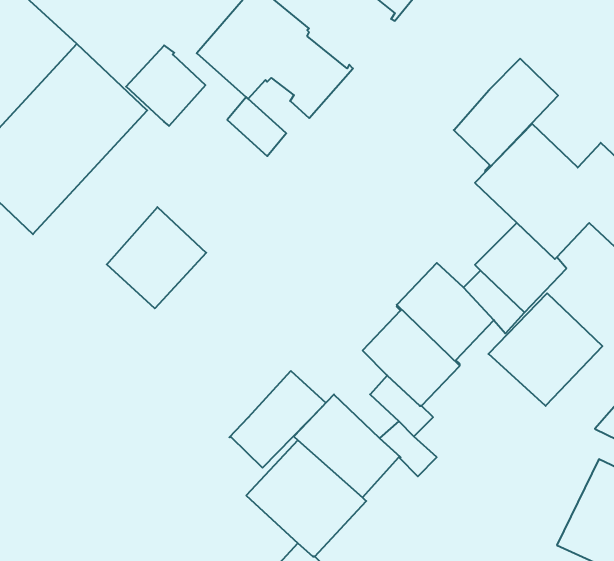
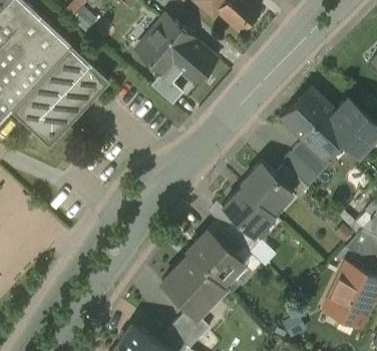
building: [126,45,205,126] -> none
building: [454,59,558,172] -> none
building: [107,207,206,308] -> none
building: [488,293,602,406] -> none
building: [229,371,326,468] -> none

